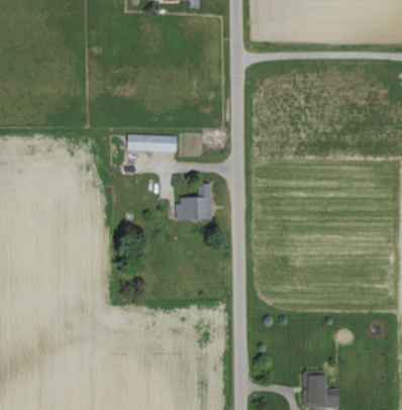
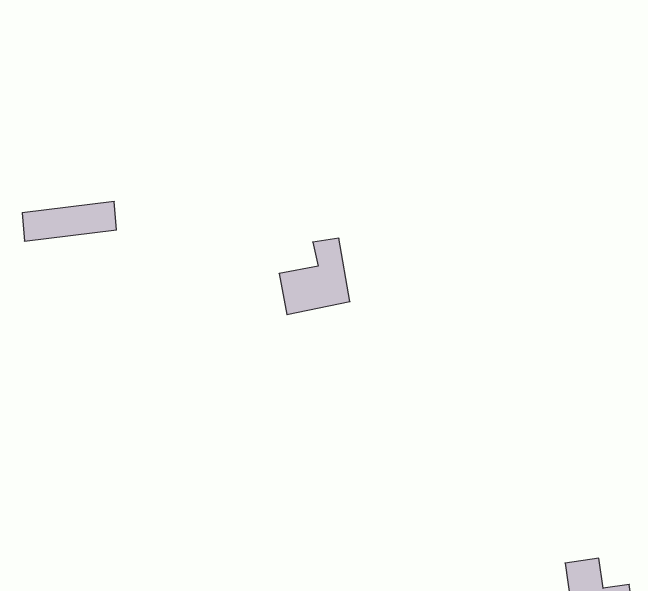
building: [126,135,177,151] -> [22,202,116,241]

